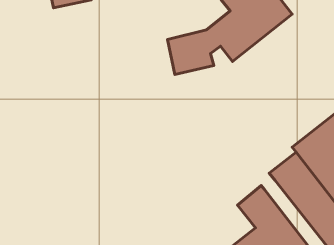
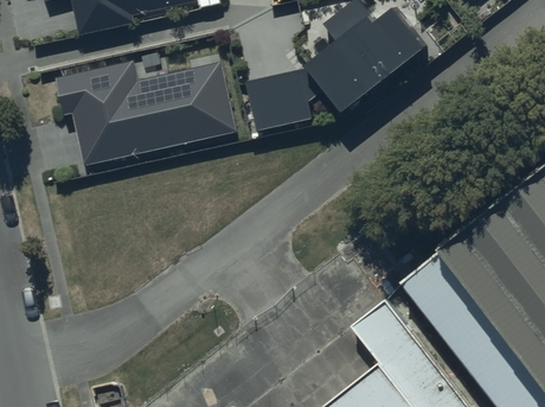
building: none -> [56,59,239,166]

